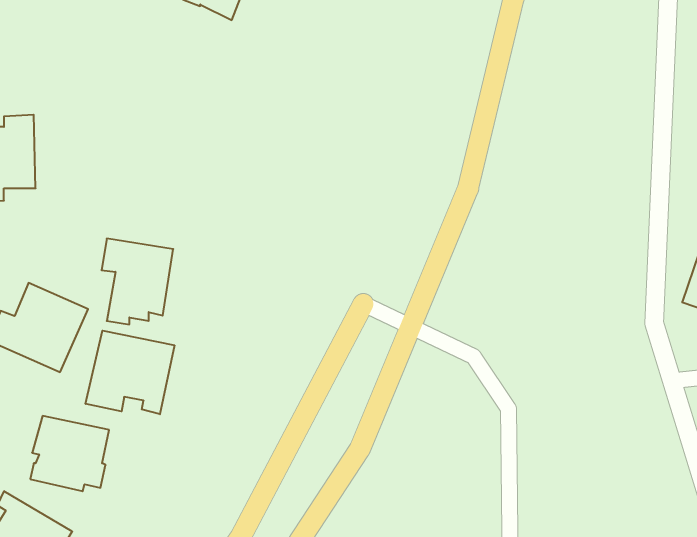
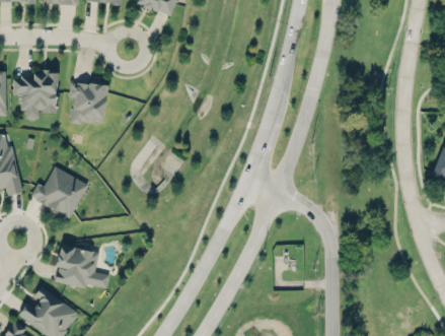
building: [101,239,173,324] -> [66,75,107,125]
building: [86,331,174,414] -> none

